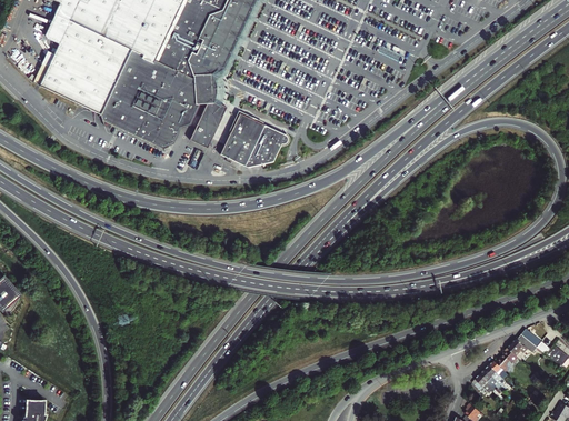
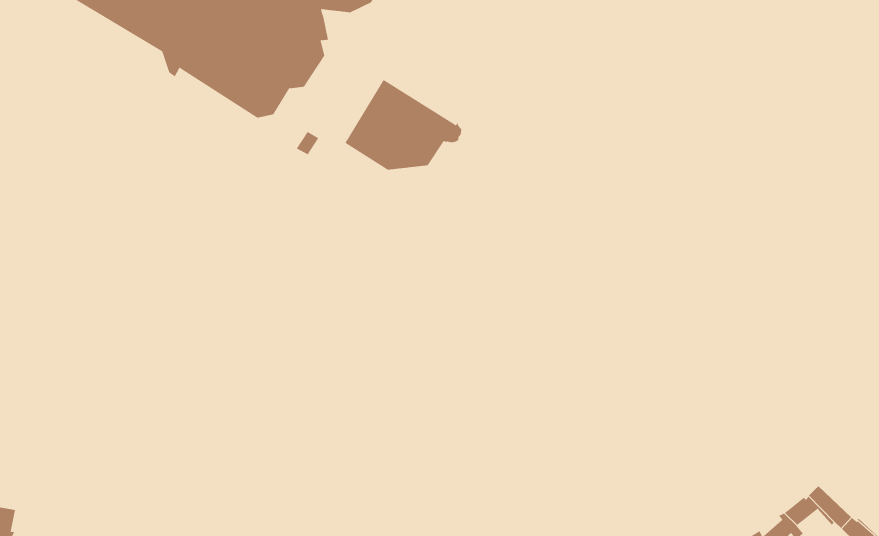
building: [188,99,226,149] -> none

